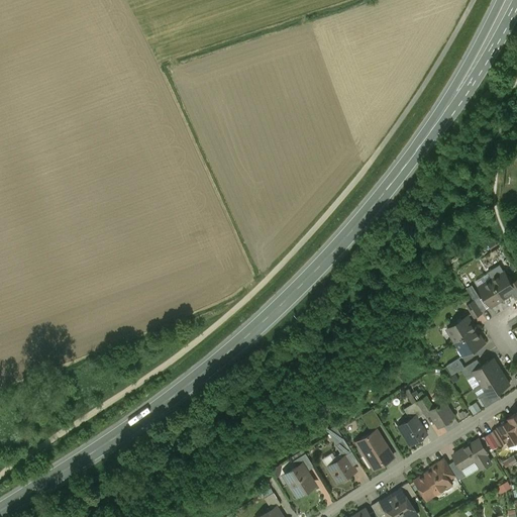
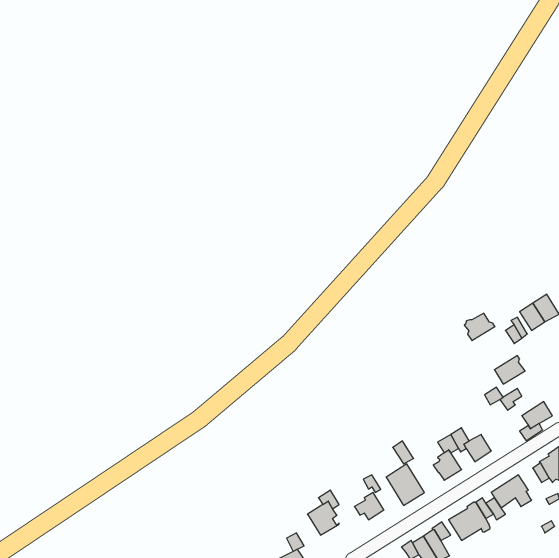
building: [449,317,478,342] -> [464,313,495,341]
building: [474,359,502,385] -> none

